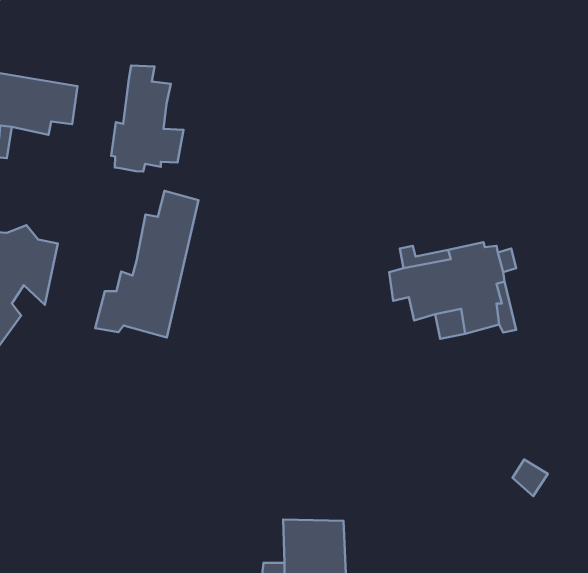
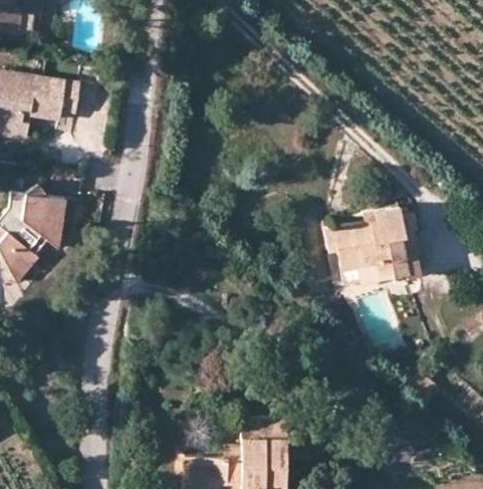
building: [111,66,183,171] -> none
building: [95,191,199,338] -> none

